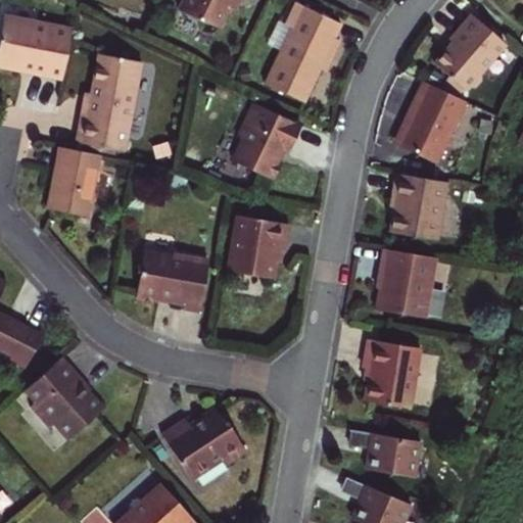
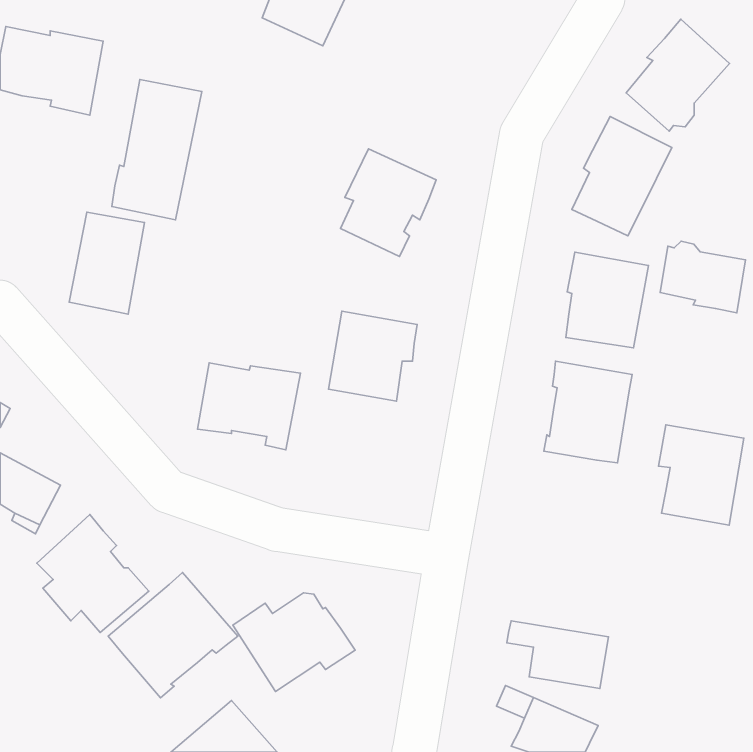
building: [265,4,341,103] -> none
building: none -> [660,241,746,313]
building: [362,338,421,408] -> [658,425,744,525]
building: none -> [108,572,238,698]

